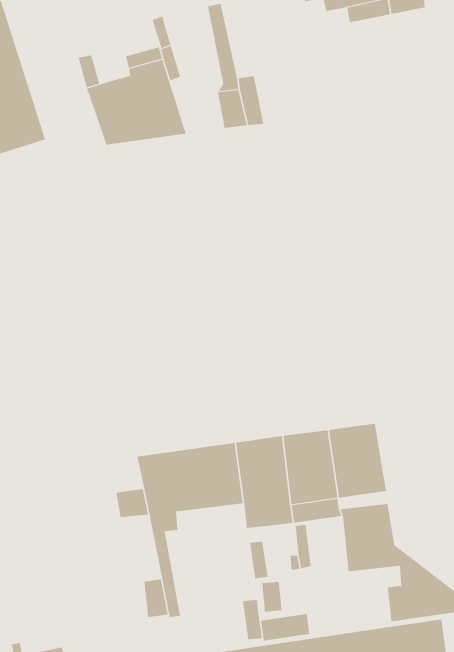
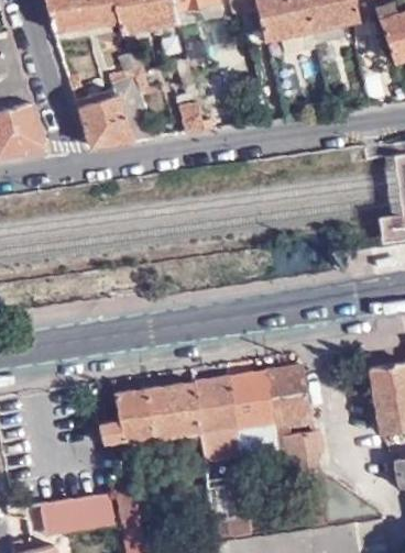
building: none -> [42,491,117,537]

